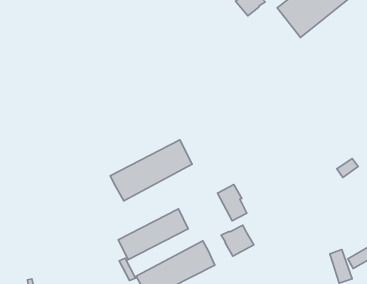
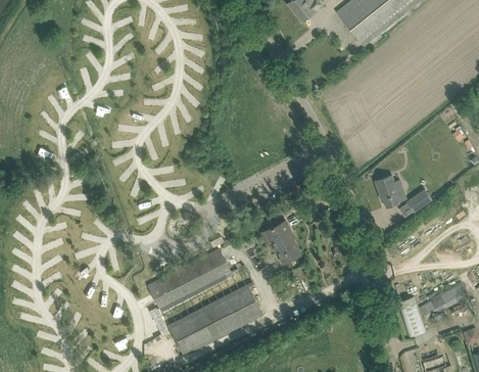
building: [110,140,192,201] -> none
building: none -> [375,175,406,206]
building: [221,225,254,256] -> none

